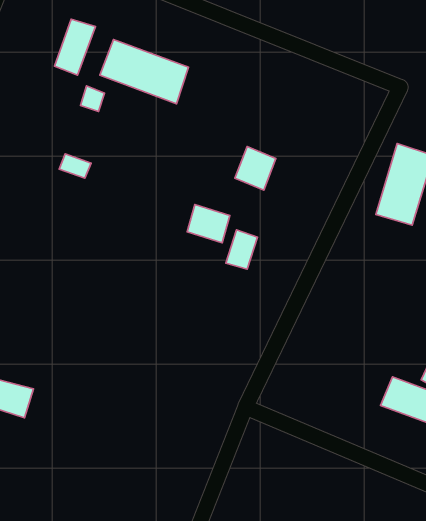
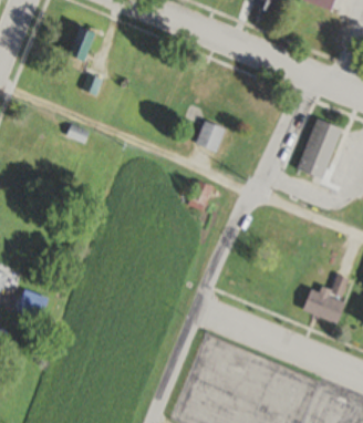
building: [100,39,189,104] -> none
building: [187,205,230,243] -> none

